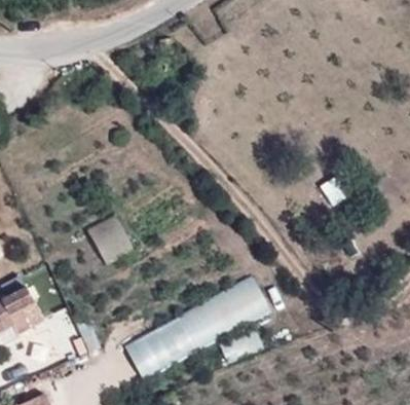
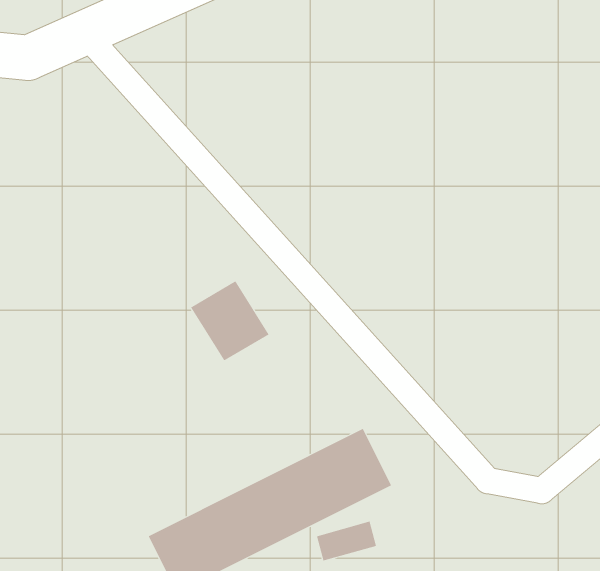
building: [88,214,137,263] -> [190,280,269,361]

